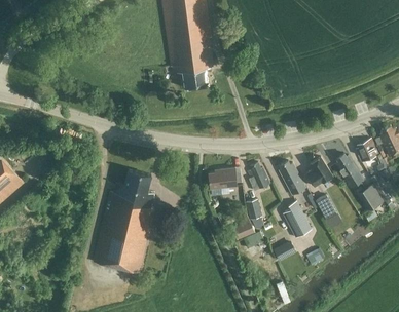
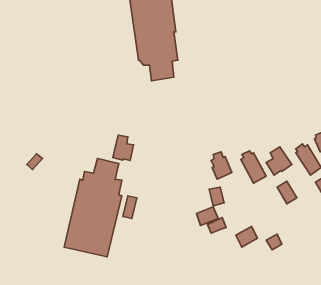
building: none -> [113,135,133,161]
building: [208,168,238,190] -> none
building: [281,202,311,239] -> none

